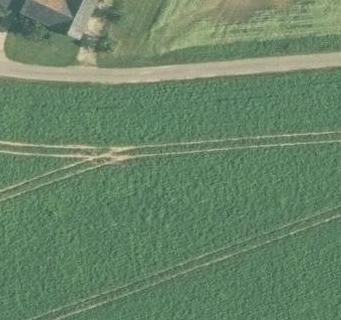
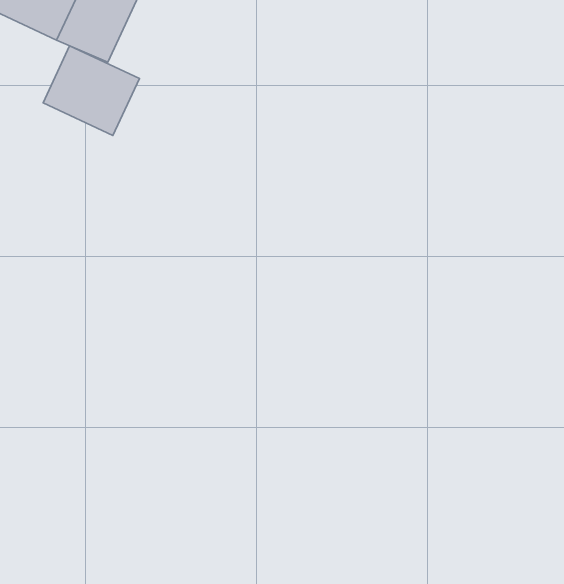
building: none -> [43,46,139,136]

